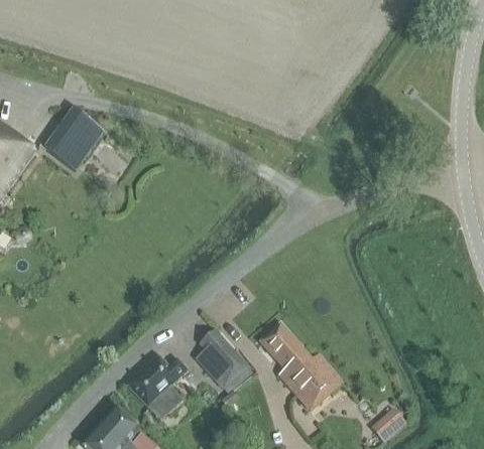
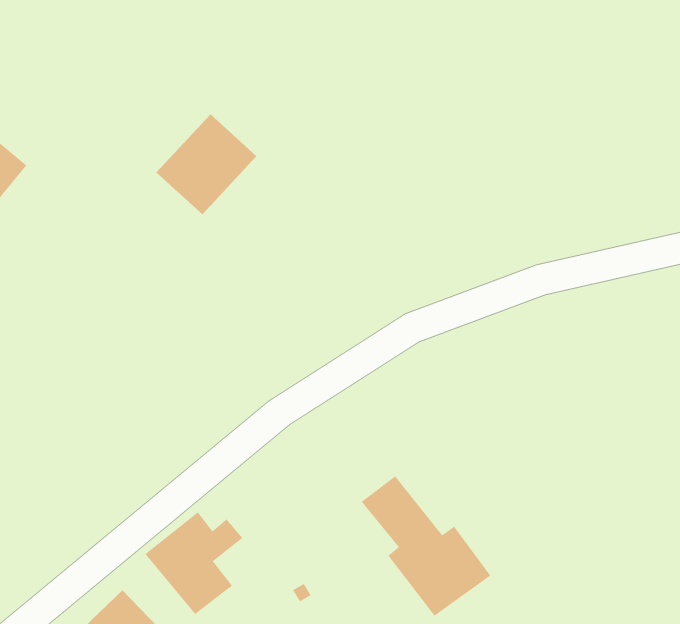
building: [45,107,108,170] -> [156,114,257,215]
building: [200,331,247,381] -> none

